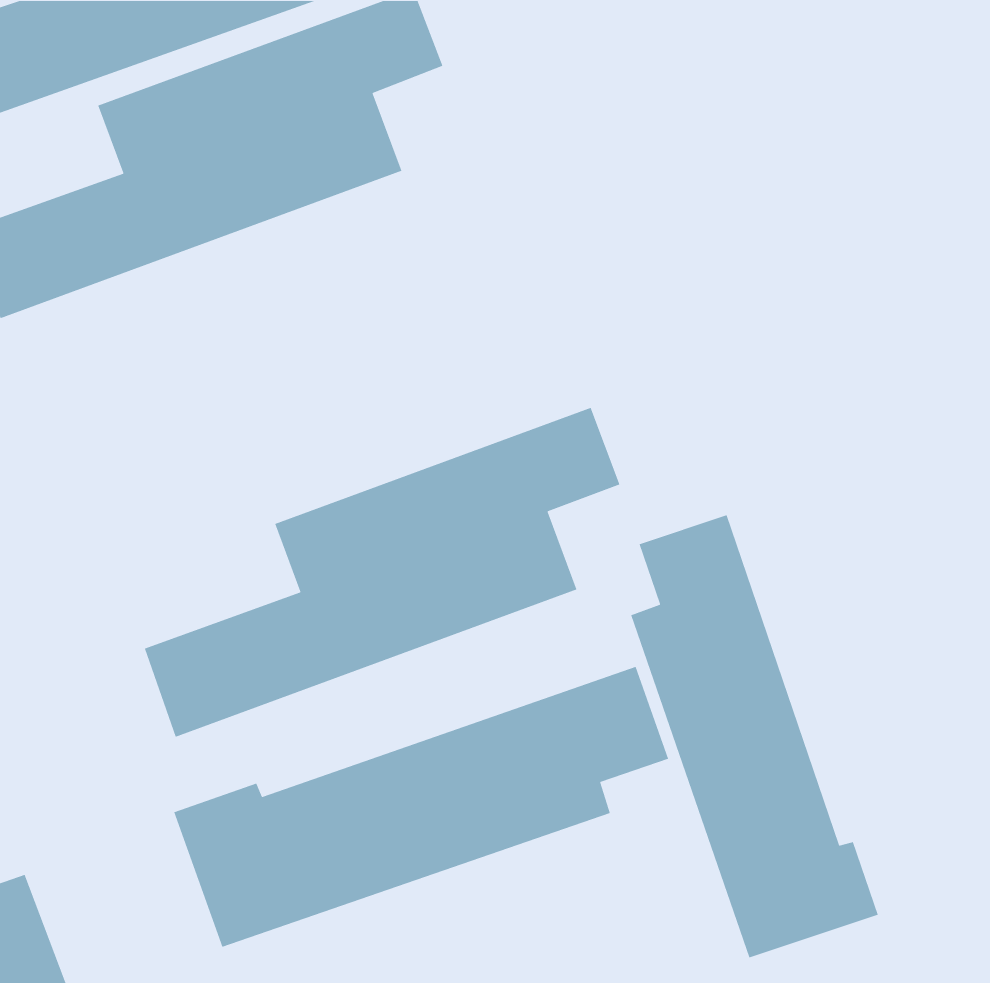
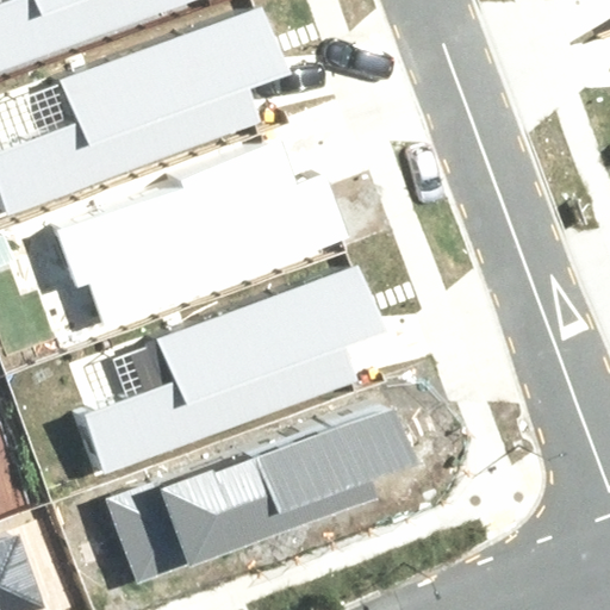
building: none -> [58,155,348,329]
building: [630,514,879,959] -> none

